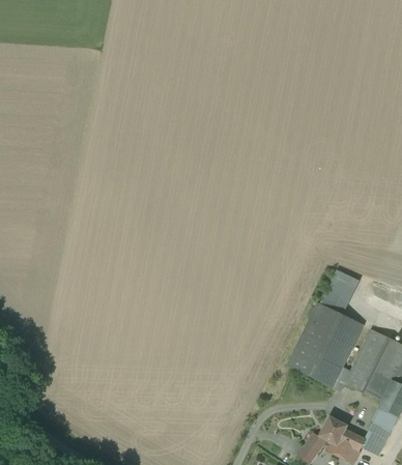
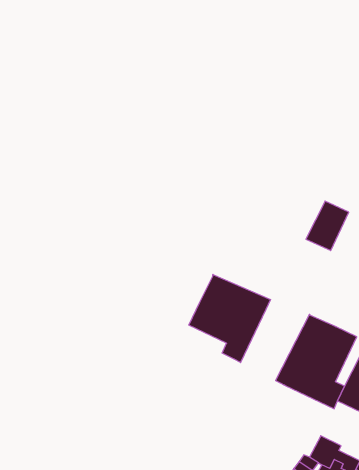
building: none -> [189,274,270,363]
building: [319,269,358,315] -> [306,201,349,251]

